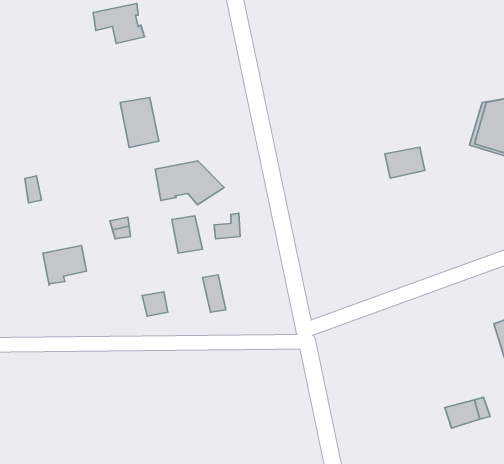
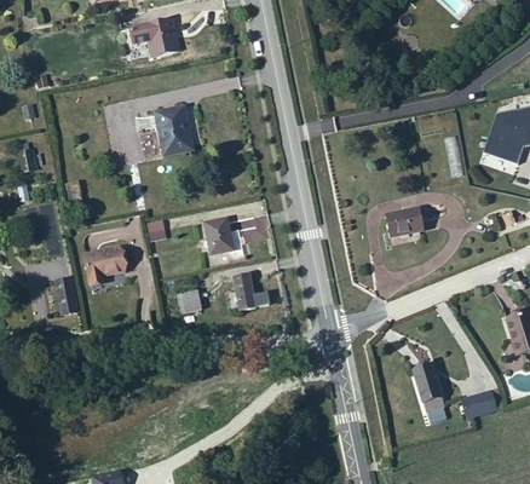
building: [385,147,425,178] -> [385,208,422,237]
building: [155,161,224,205] -> none
building: none -> [53,278,76,315]
building: none -> [411,365,442,411]

